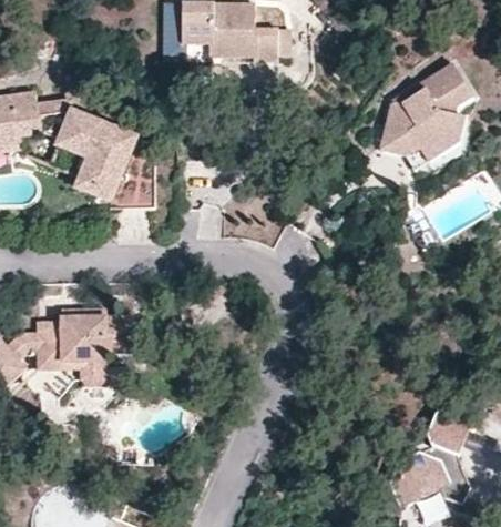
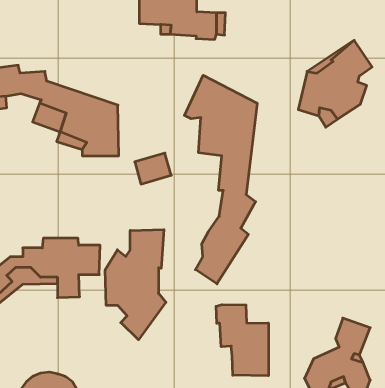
building: none -> [184,75,257,284]
building: none -> [105,230,166,340]
building: none -> [216,305,268,376]

